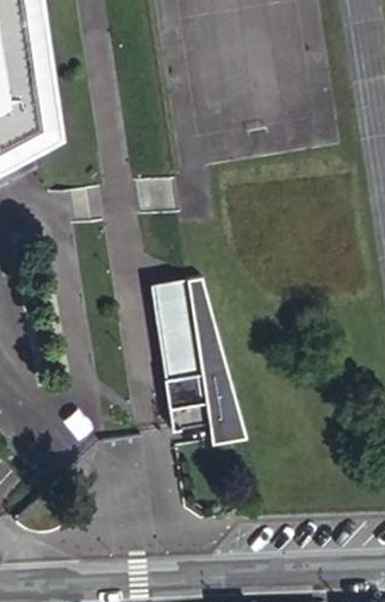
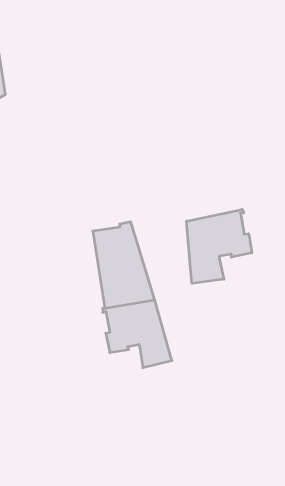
building: none -> [187,209,252,283]

